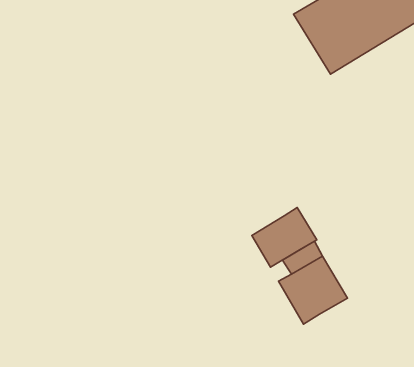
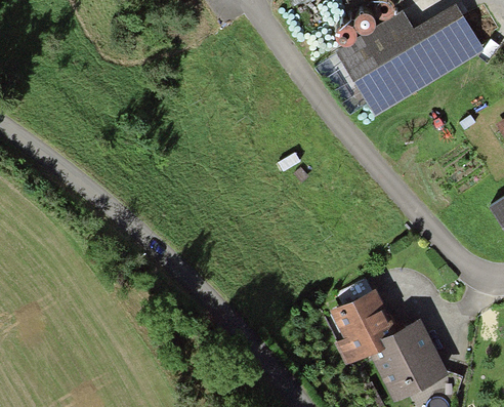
building: [252,208,317,267] -> none
building: none -> [370,325,447,400]

